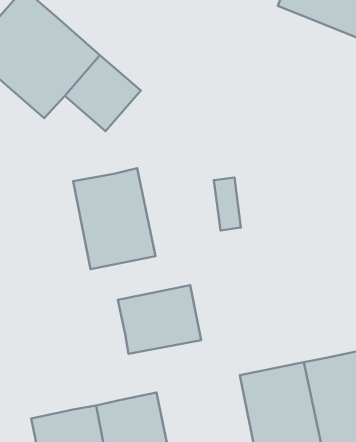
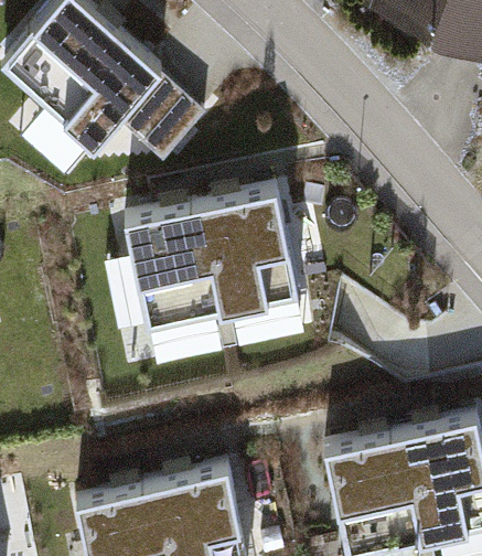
building: none -> [203,192,297,311]
building: [118,285,201,354] -> none

